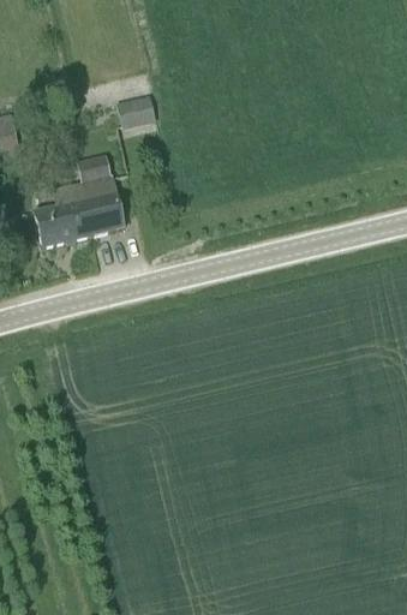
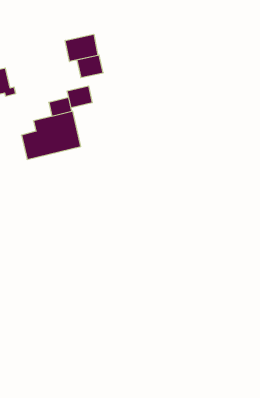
building: none -> [65,34,98,62]
building: none -> [67,86,92,108]

